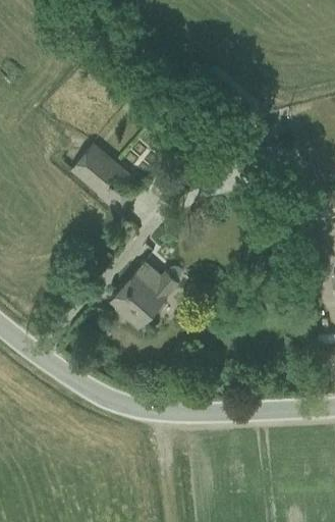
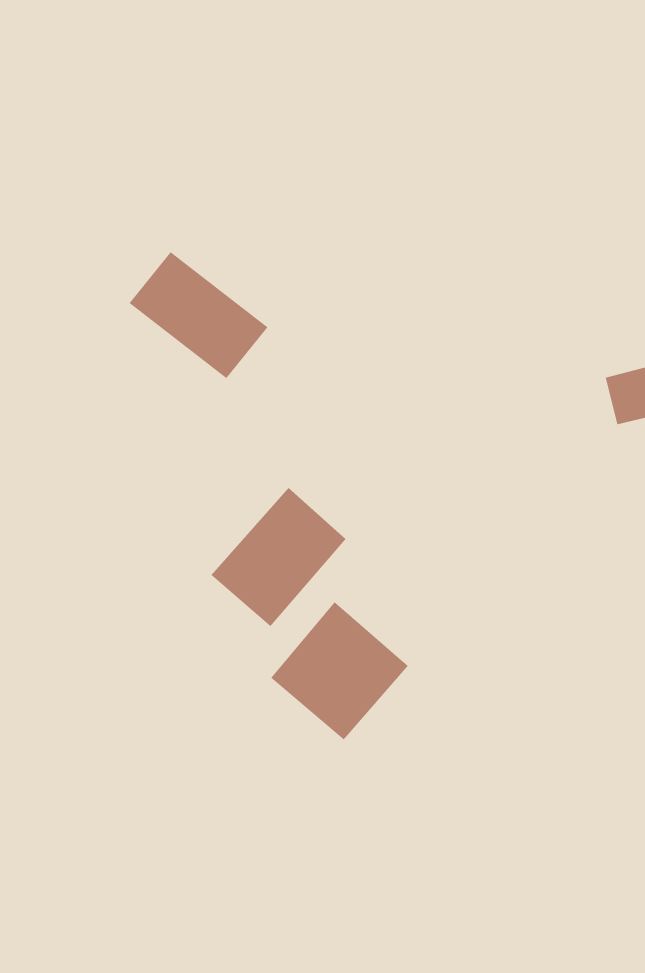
building: none -> [270,601,409,740]

